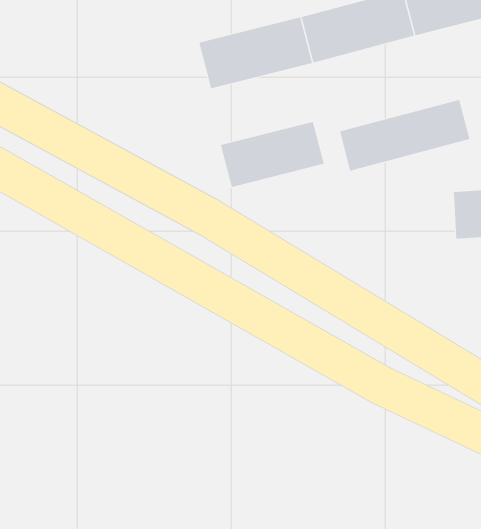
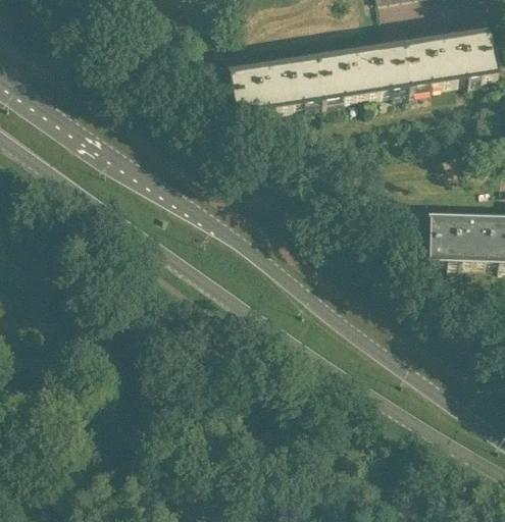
building: [339,99,470,172] -> none
building: [220,121,325,188] -> none

